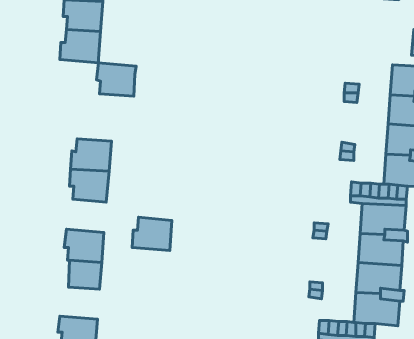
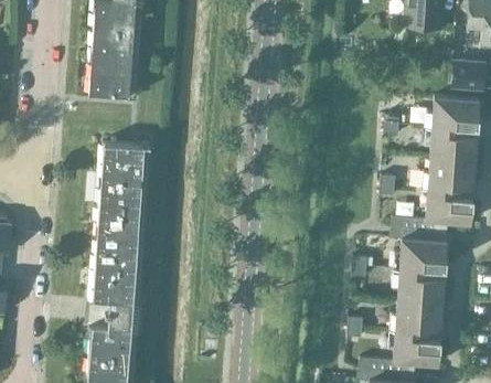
building: [96,63,136,96] -> [105,141,146,175]
building: [132,217,172,251] -> [97,235,138,269]
building: none -> [90,326,131,359]

